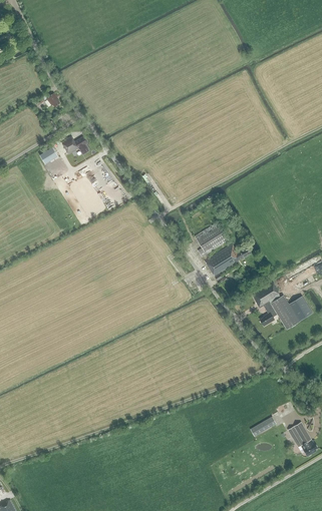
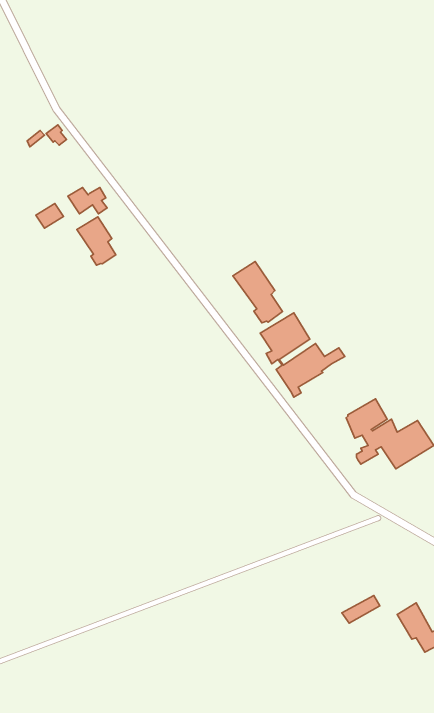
building: none -> [77,217,116,265]
building: none -> [233,261,283,323]

